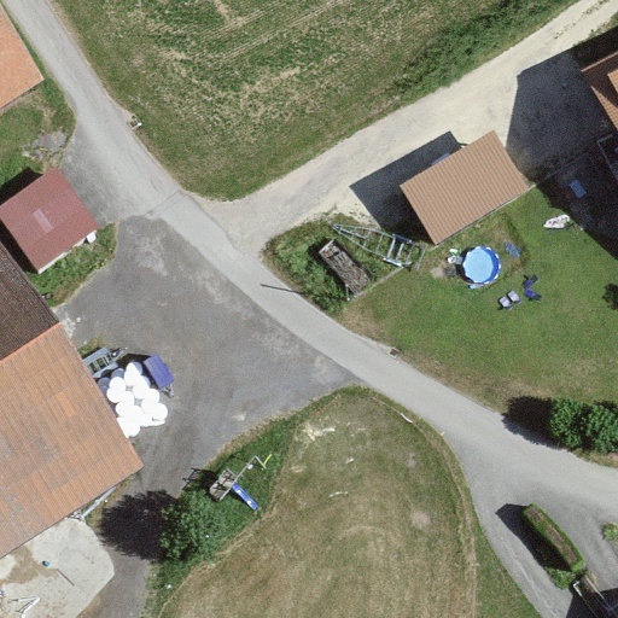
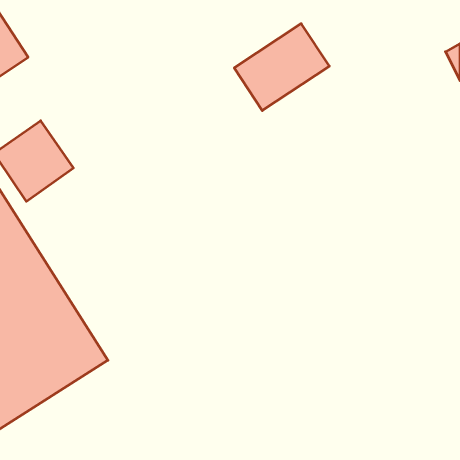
building: [398,127,525,243] -> [234,24,329,111]

